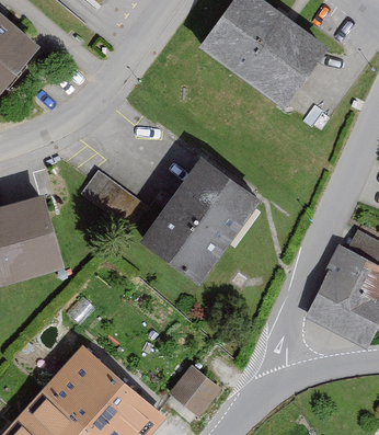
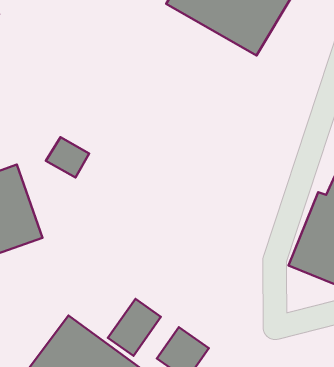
building: [146,161,262,283] -> none
building: none -> [108,299,161,356]

